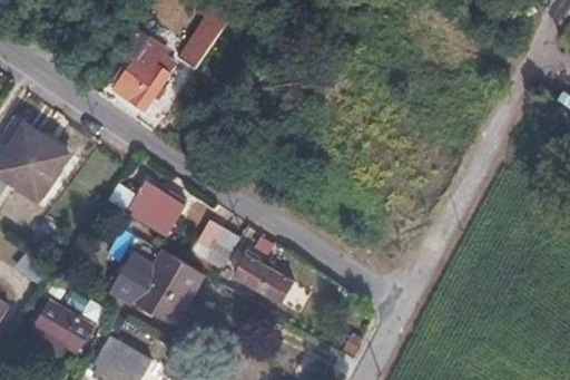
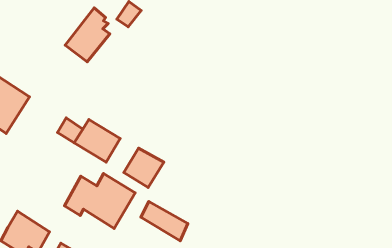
building: [236,253,296,303] -> [141,202,188,241]

